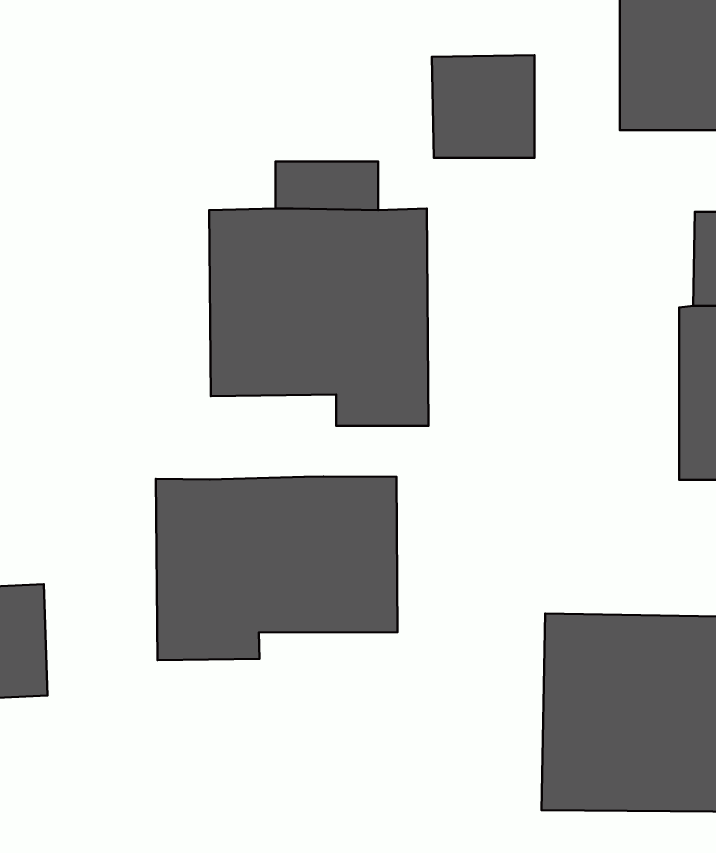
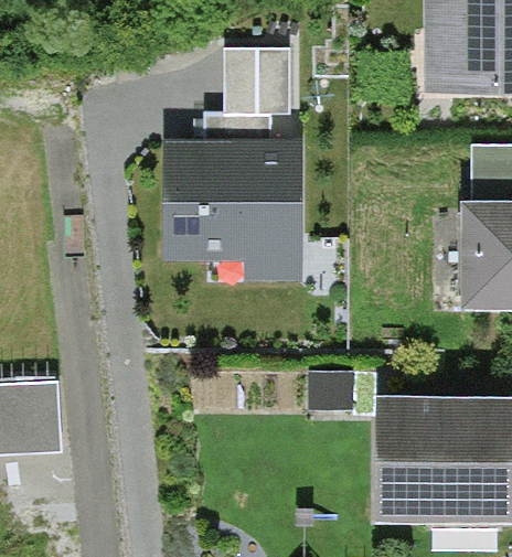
building: [432,55,535,158] -> [225,46,290,111]
building: [156,476,398,660] -> none

